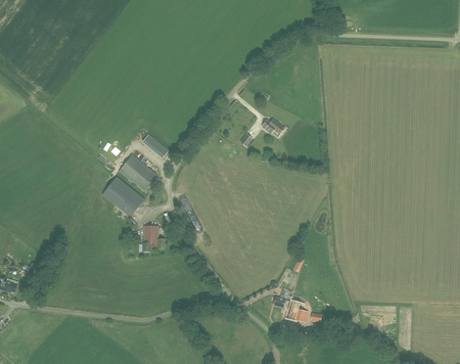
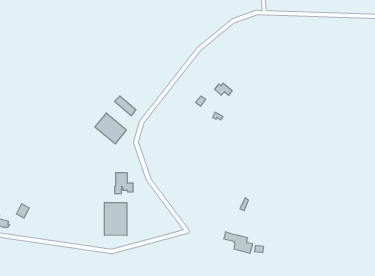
building: [103,176,145,217] -> none
building: none -> [105,202,127,236]

